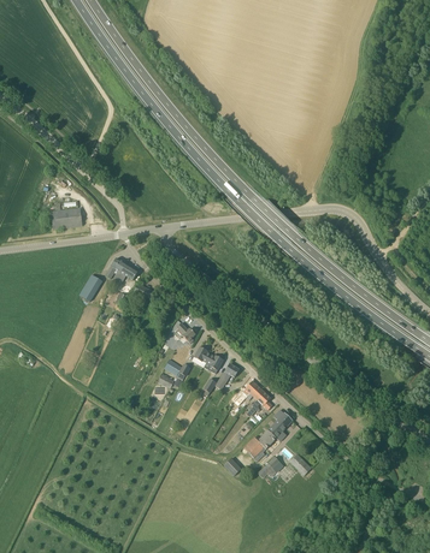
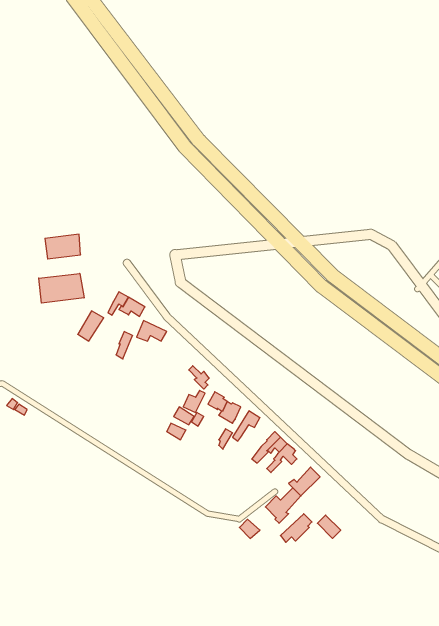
building: none -> [39,273,84,303]

